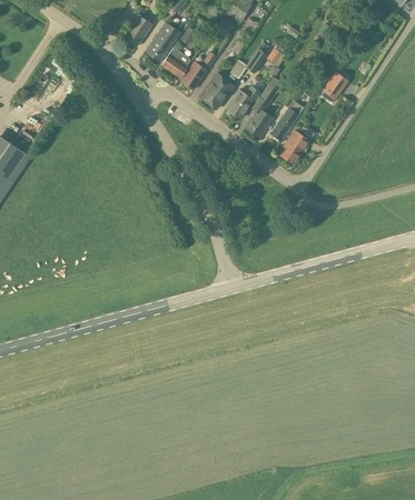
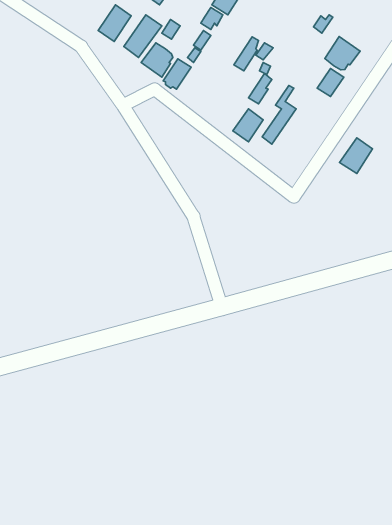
building: none -> [325,36,360,70]
building: [200,73,234,109] -> none
building: [227,87,260,118] -> none
building: [279,131,309,163] -> [340,138,373,173]

